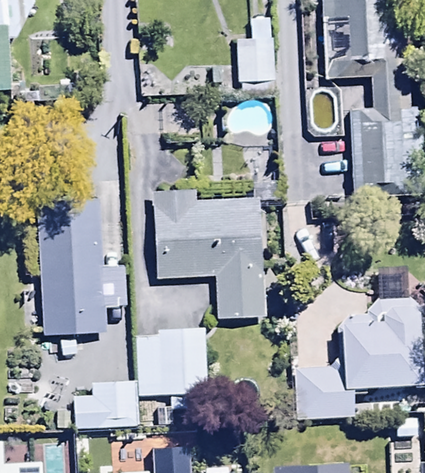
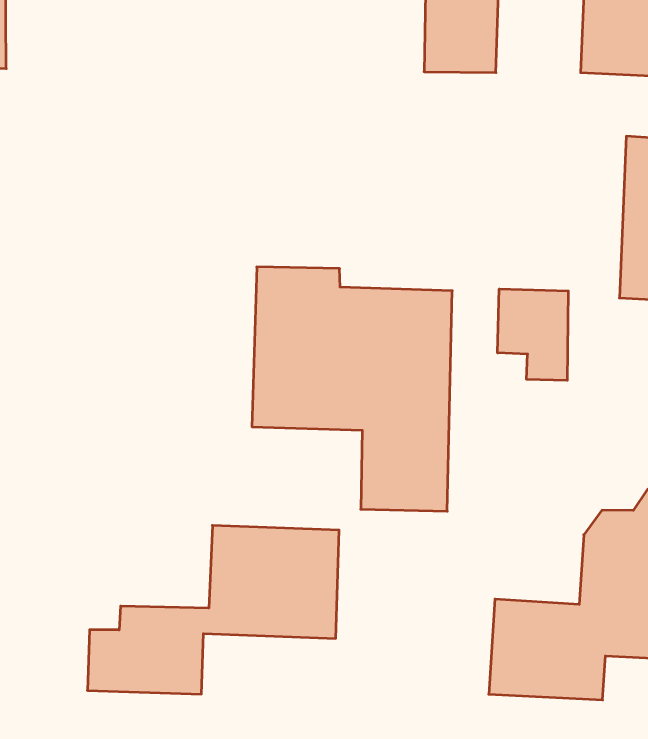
building: none -> [498,289,568,380]
building: [37,220,101,336] -> none

